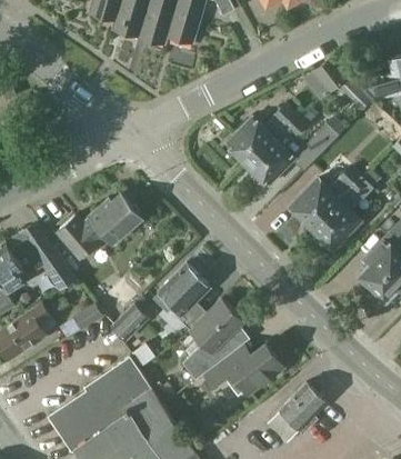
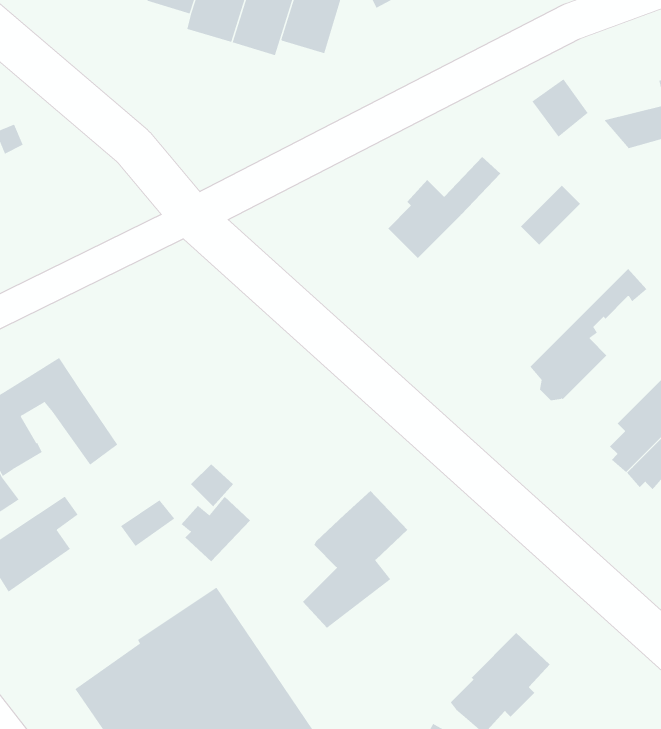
building: [248,114,308,181] -> none
building: [291,160,371,228] -> none
building: [57,194,141,258] -> none
building: [153,263,209,330] -> none
building: [205,345,283,397] -> none

